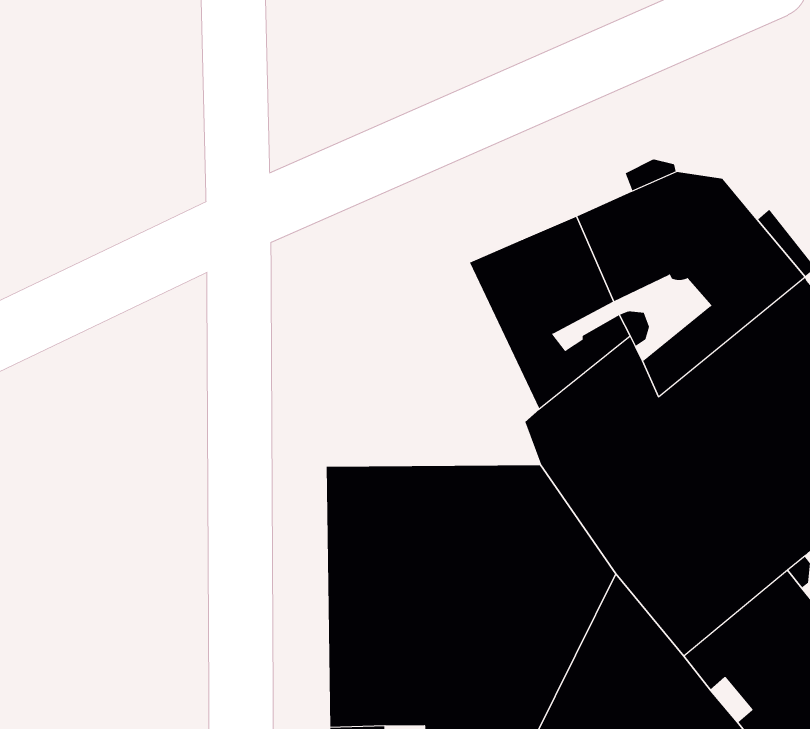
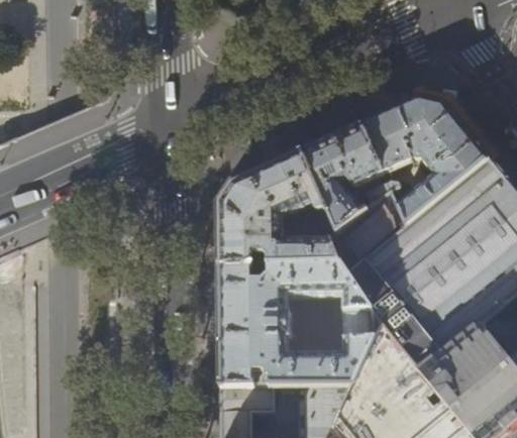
building: none -> [217,149,339,264]

